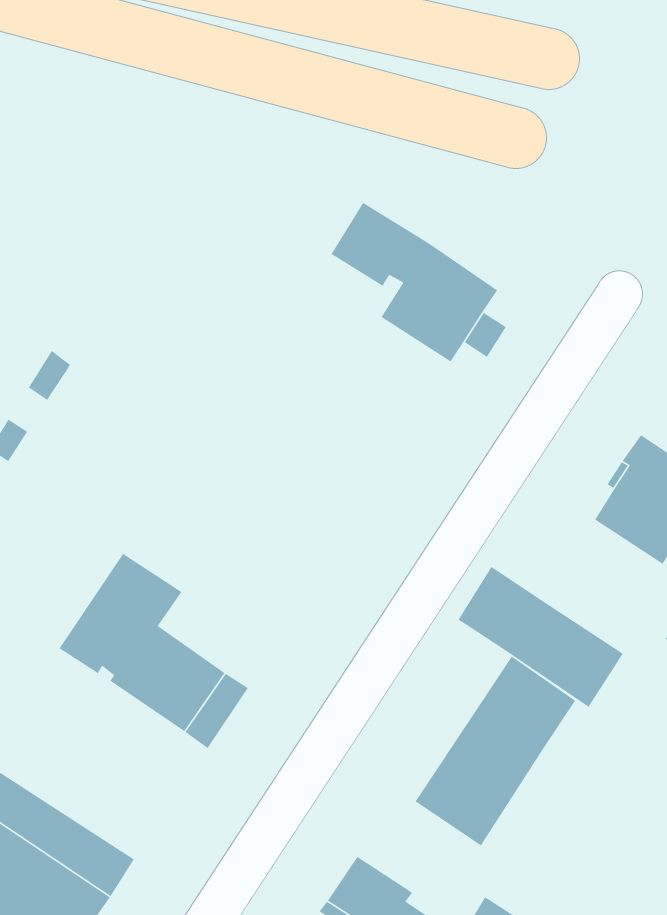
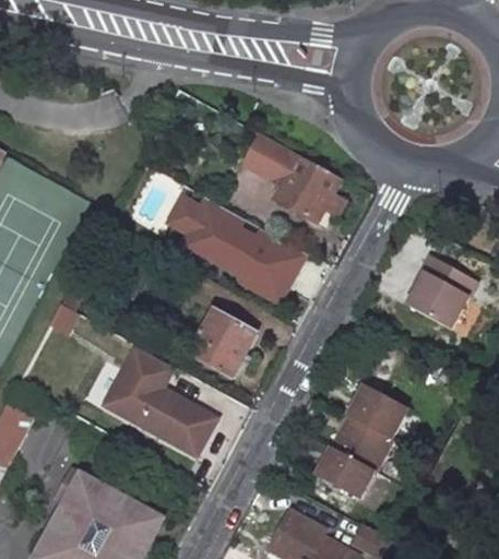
building: none -> [167,199,306,306]
building: none -> [193,314,257,379]
building: [458,566,624,708] -> none

